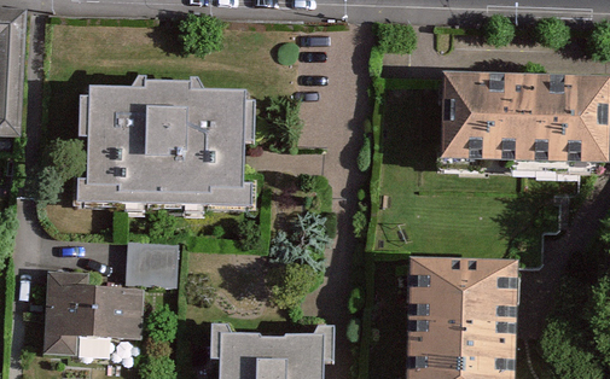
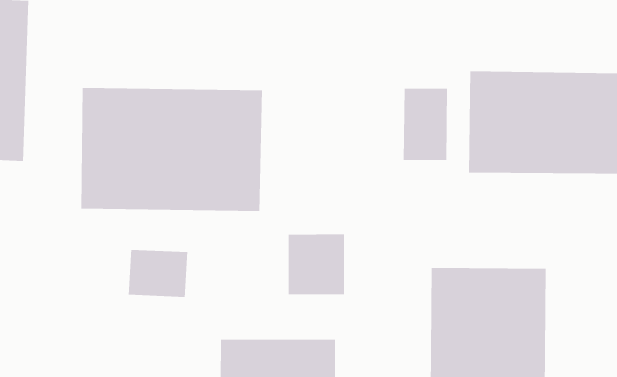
building: none -> [403,88,448,161]
building: none -> [288,233,345,295]
building: [48,269,143,354] -> none

